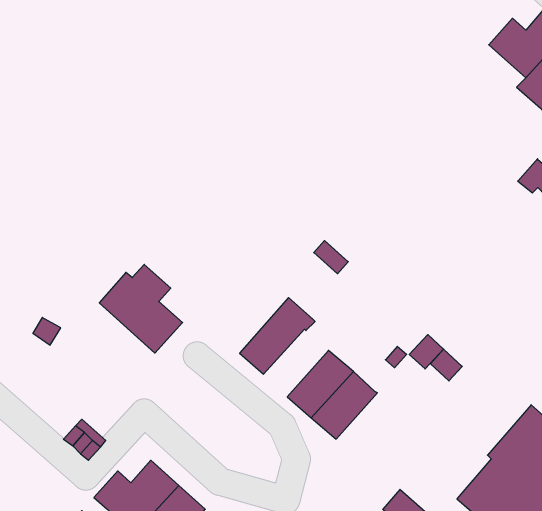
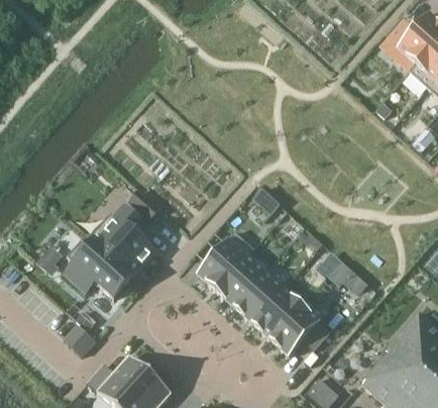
building: none -> [65,232,133,297]
building: none -> [215,254,264,306]
building: none -> [270,295,330,355]

